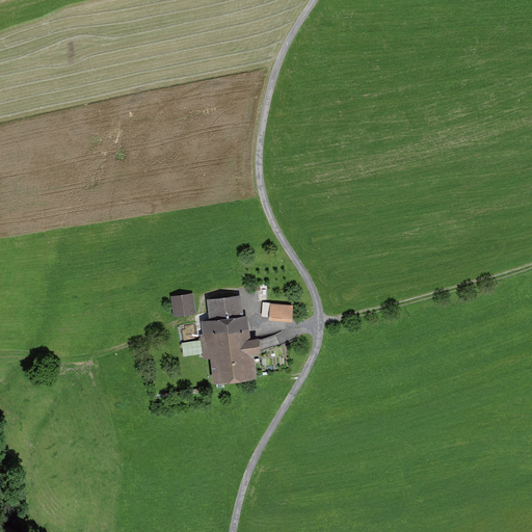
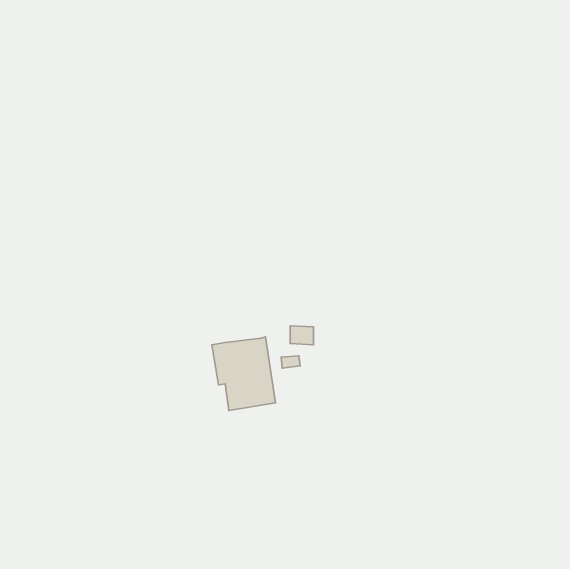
building: [169,294,192,317] -> none
building: [207,295,243,319] -> none

